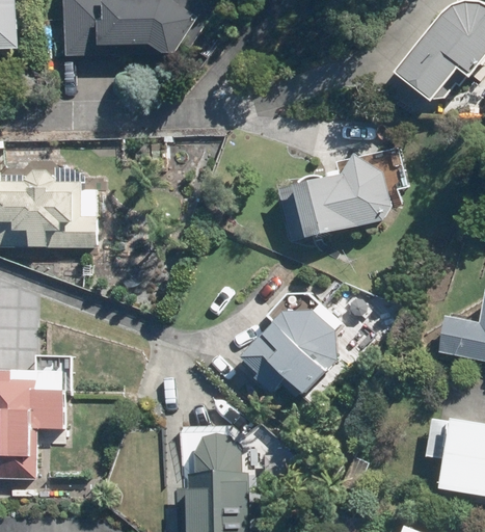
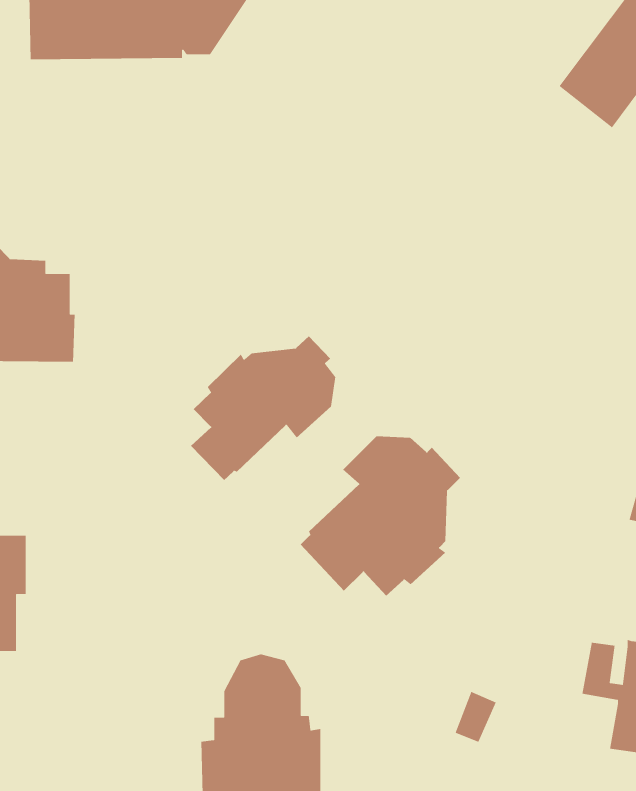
building: [281,155,392,238] -> none
building: none -> [190,336,336,481]

